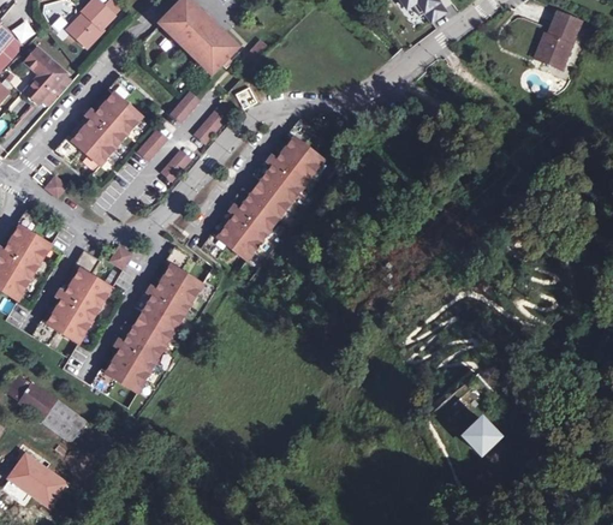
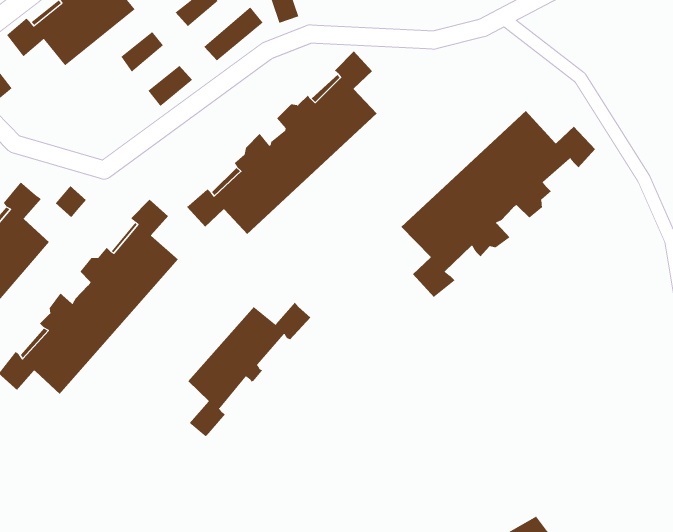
building: none -> [400,110,596,298]
building: none -> [188,302,311,437]

